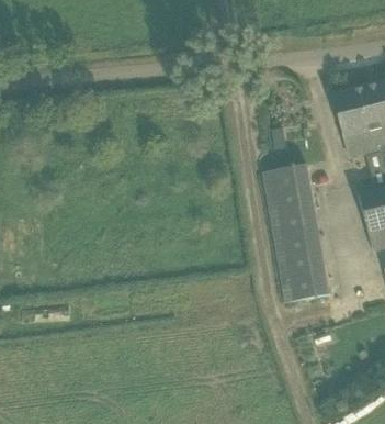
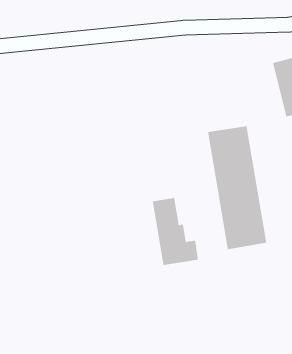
building: none -> [152,197,199,266]

